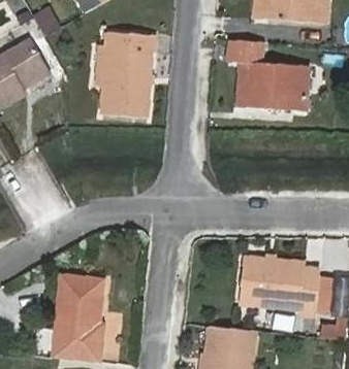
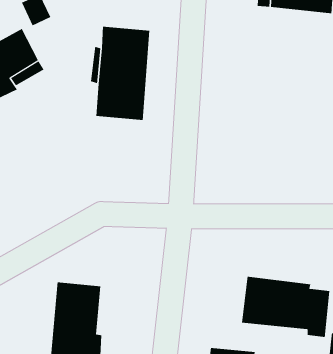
building: [229,35,306,106] -> none

